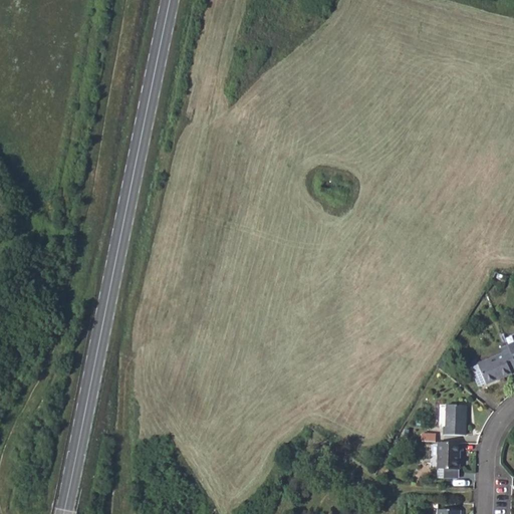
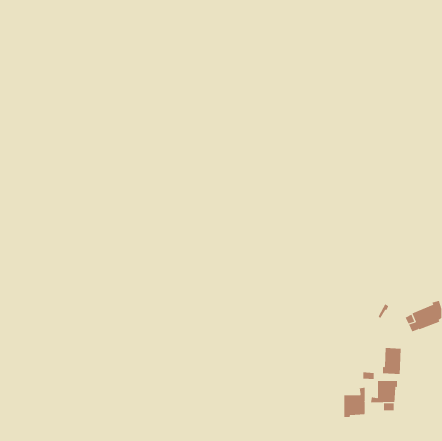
building: none -> [344,387,365,418]

